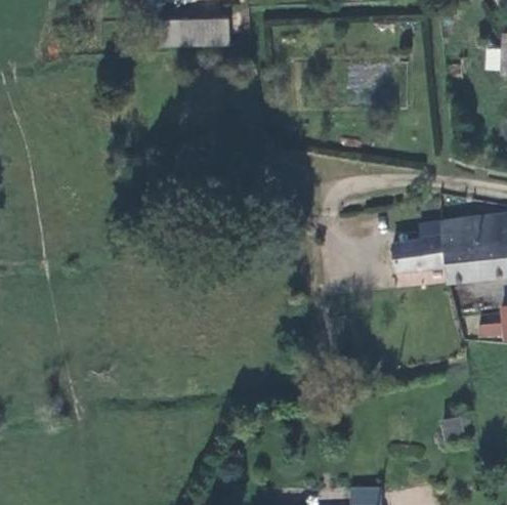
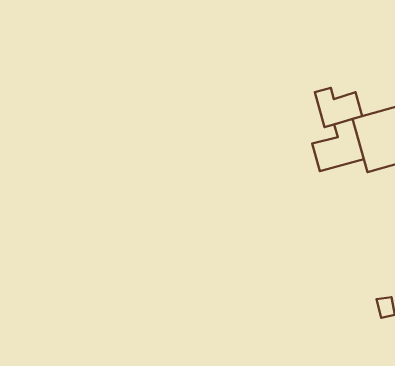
building: none -> [315,88,362,127]

